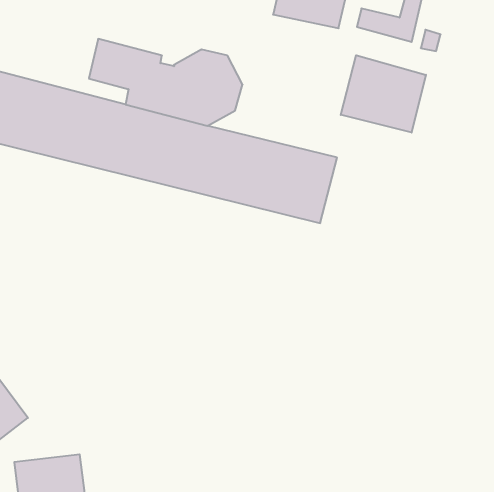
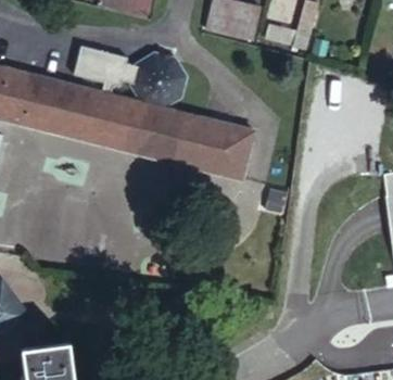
building: [341,55,426,133] -> none

